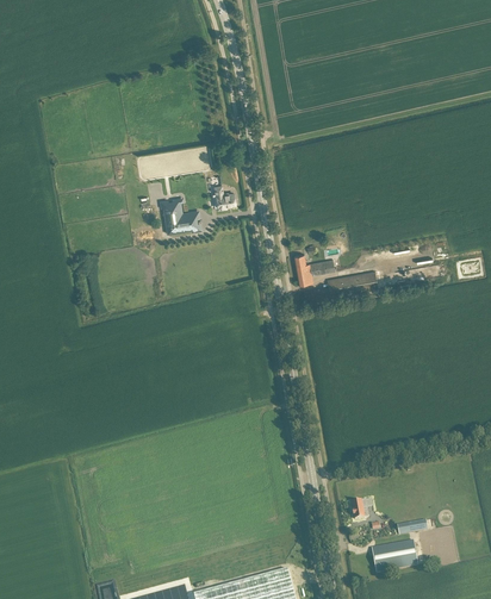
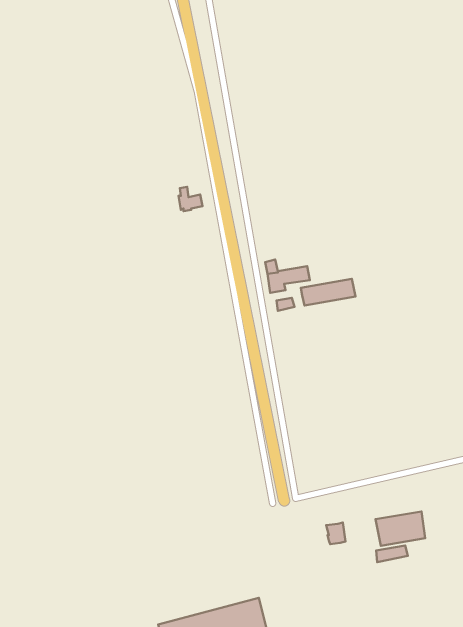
building: [162,200,194,232] -> none
building: [371,539,417,572] -> [376,511,425,546]

